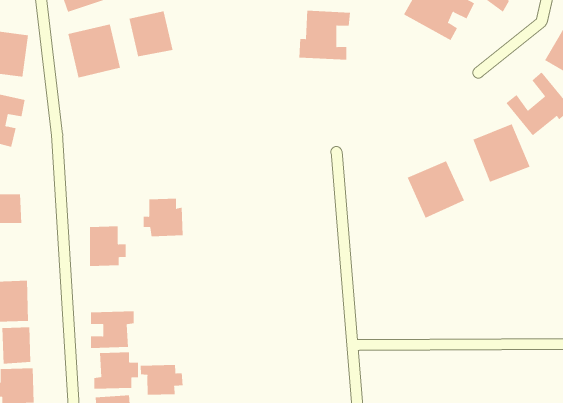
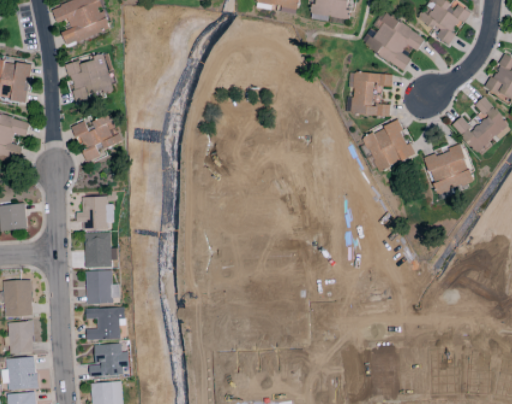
building: [299,10,351,60] -> [347,72,393,116]
building: [129,10,173,57] -> none
building: none -> [71,112,122,162]
building: [407,161,465,219] -> [363,121,414,172]
building: [143,198,184,237] -> [77,196,113,230]
building: none -> [86,270,120,303]
building: [140,364,183,396] -> none

